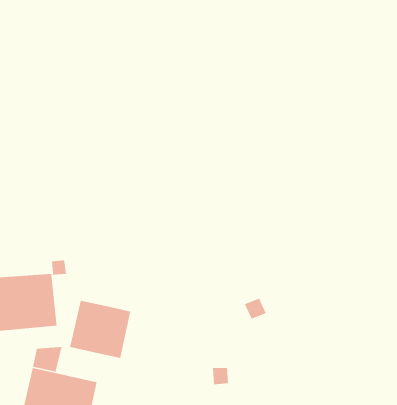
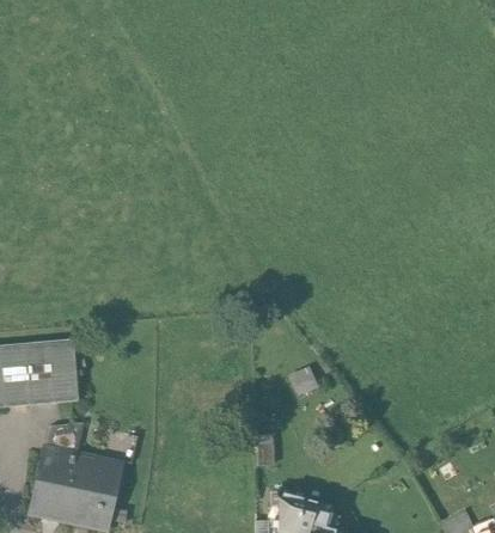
building: [69,300,131,359] -> none

